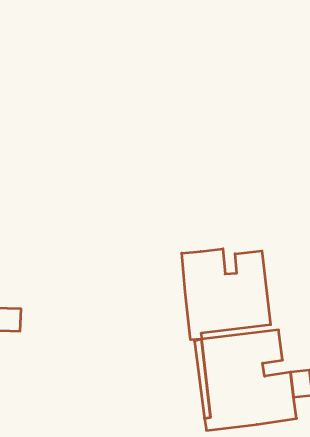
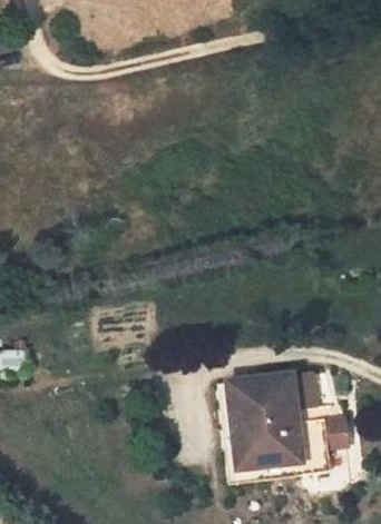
building: [182,249,271,340] -> none

